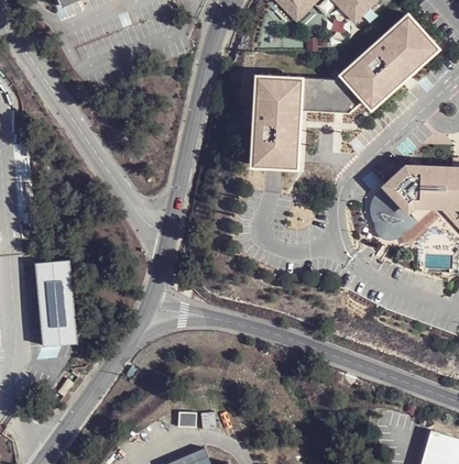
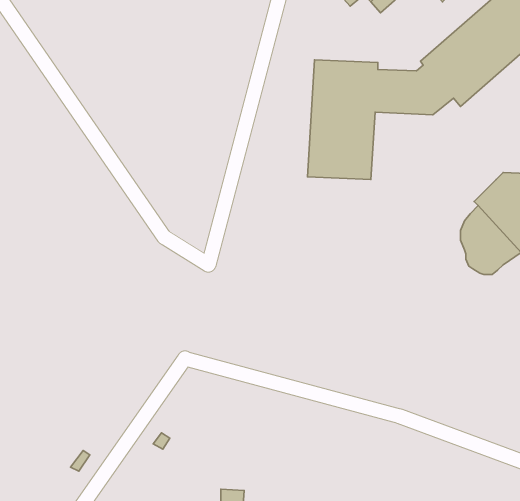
building: [35,267,81,355] -> none

